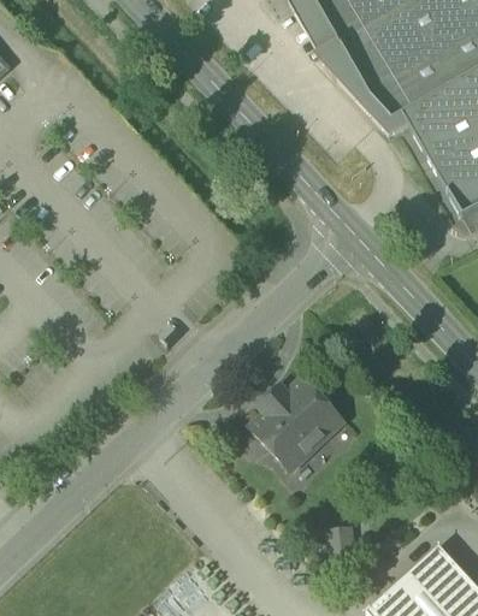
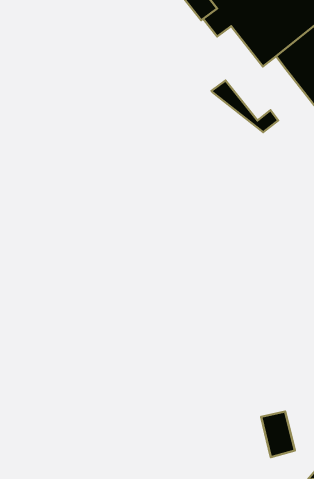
building: [336,69,408,135] -> [212,80,278,132]
building: [248,377,342,470] -> none

